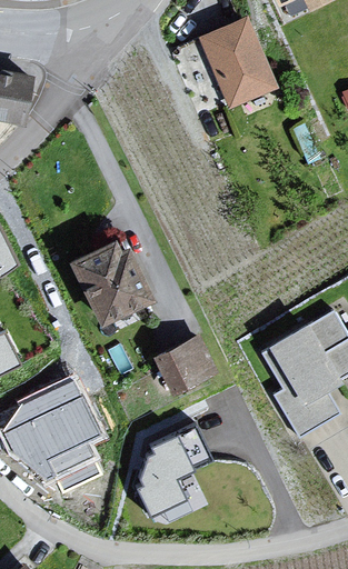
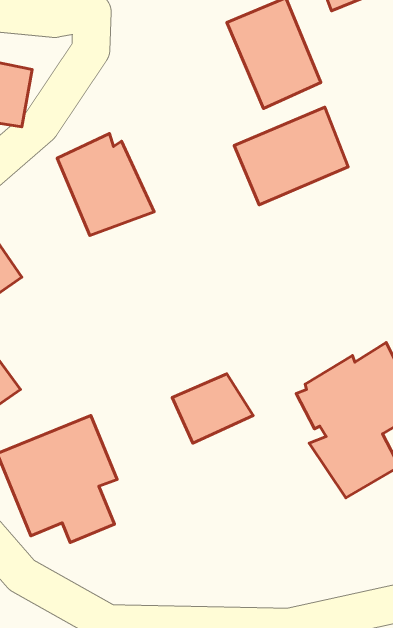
building: none -> [234,107,348,205]
building: [67,239,149,326] -> [57,133,154,235]
building: [132,422,213,515] -> none

